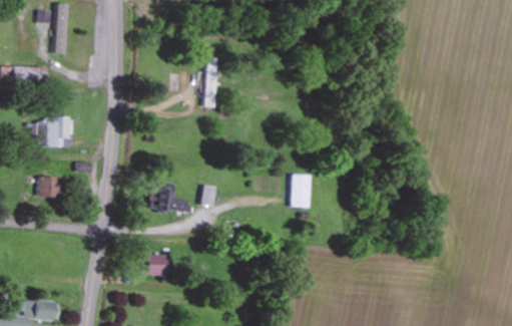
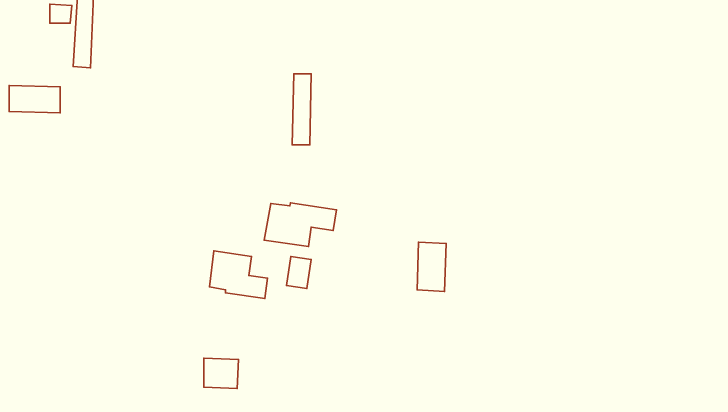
building: [32,119,71,146] -> none
building: none -> [264,203,336,246]
building: [38,178,58,198] -> none

